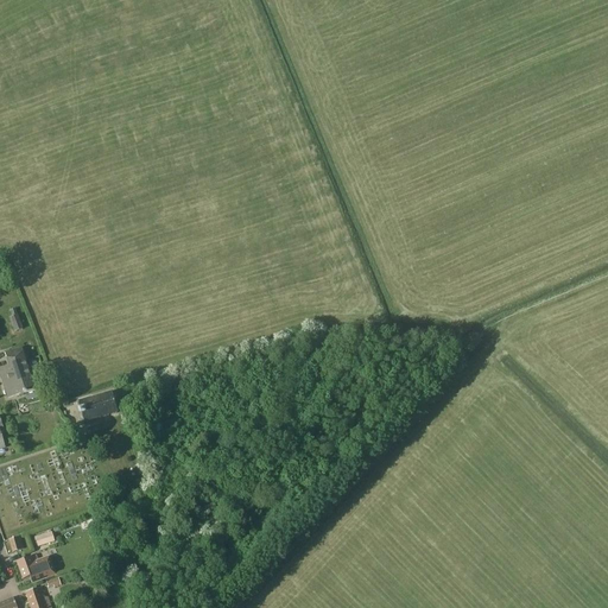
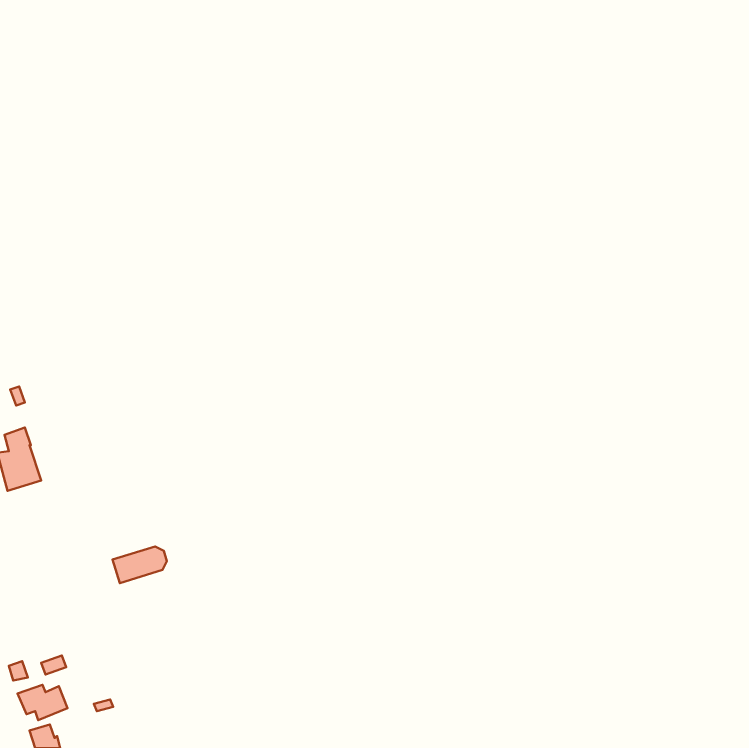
building: [75,392,119,422] -> [112,546,167,583]

